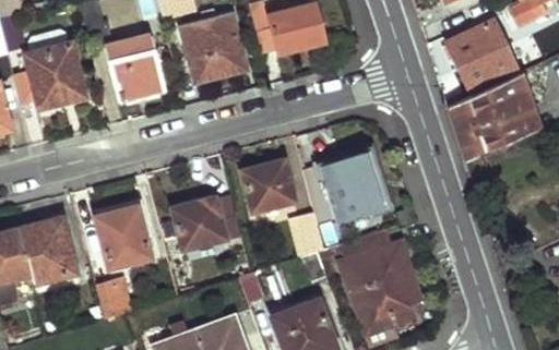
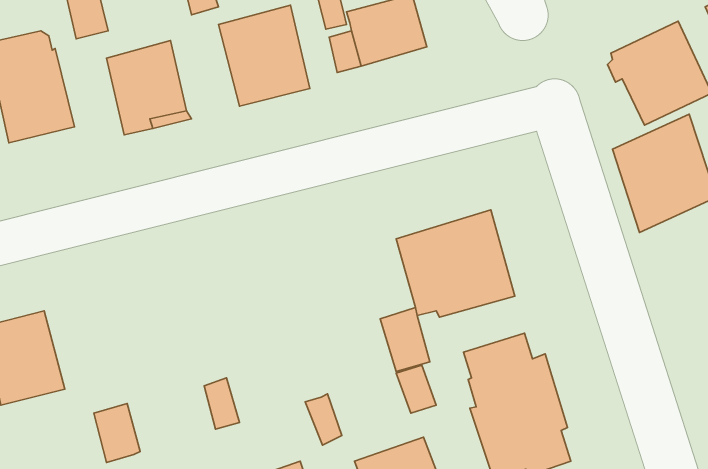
building: [240,159,293,210] -> none
building: [173,196,240,251] -> none
building: [93,206,150,270] -> none

